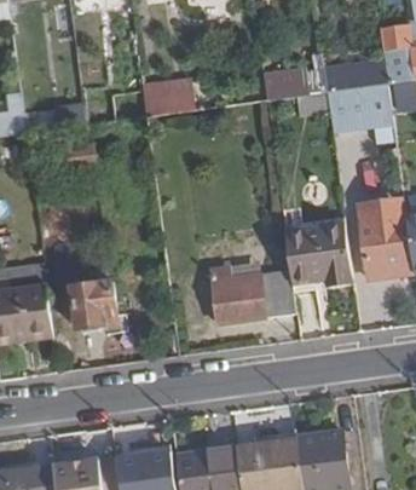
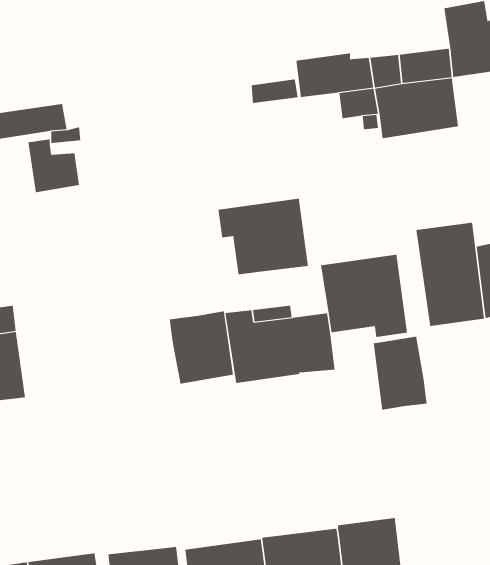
building: [140,80,193,116] -> none
building: none -> [218,198,309,275]
building: none -> [169,311,233,384]
building: [70,281,117,329] -> none
building: none -> [373,336,427,411]

